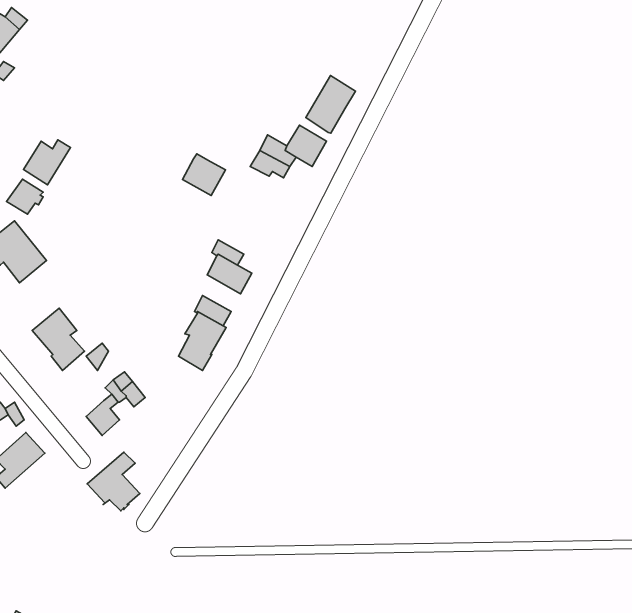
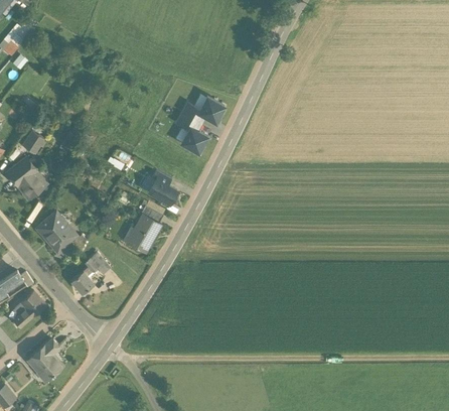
building: [306,76,355,133] -> none
building: [23,140,70,185] -> none
building: [182,154,225,195] -> [179,125,206,151]
building: [87,452,140,511] -> [27,338,60,376]

